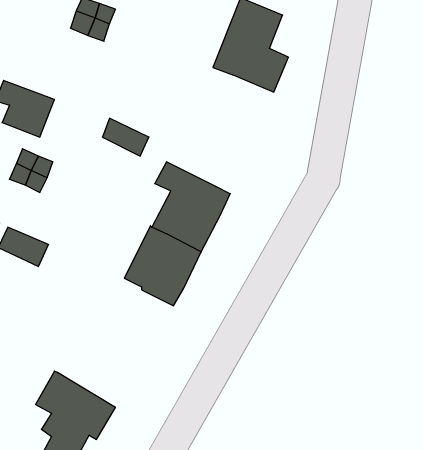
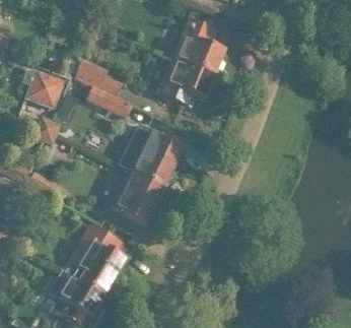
building: none -> [158,57,215,107]
building: none -> [74,58,122,95]
building: none -> [62,224,126,294]

